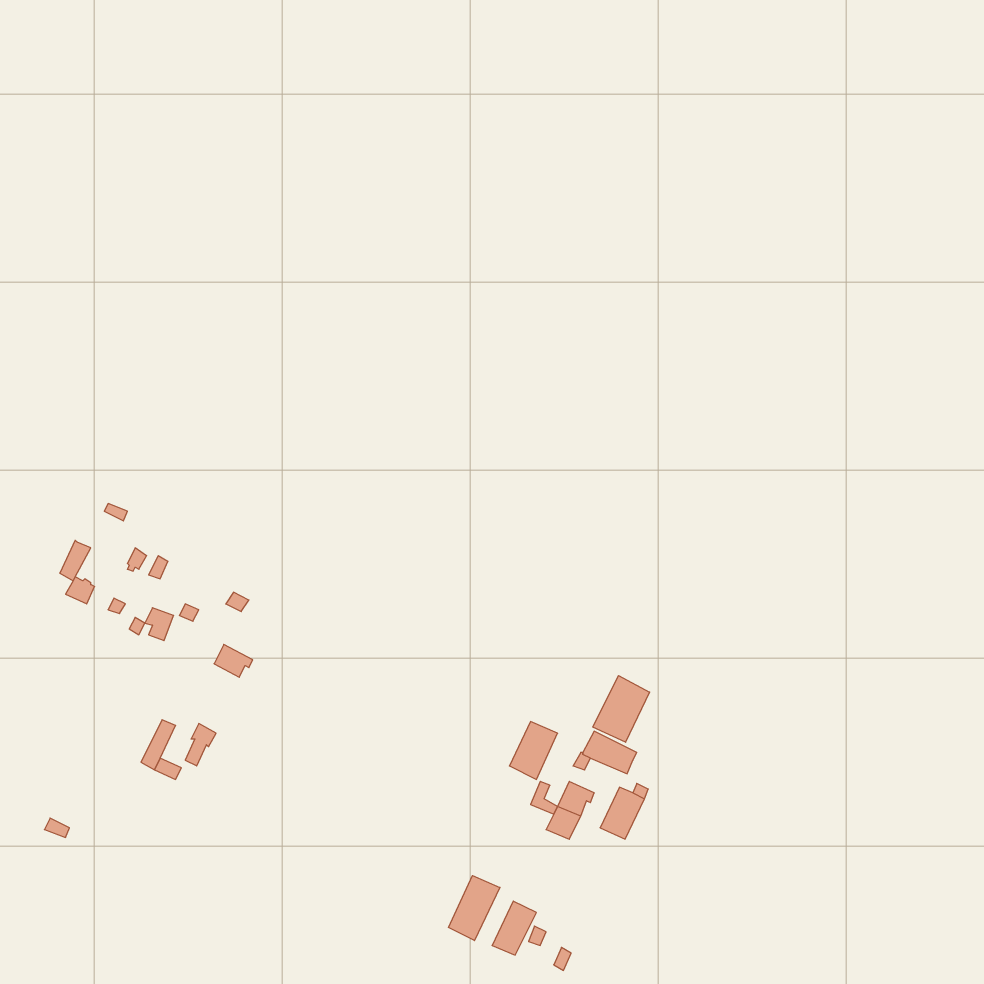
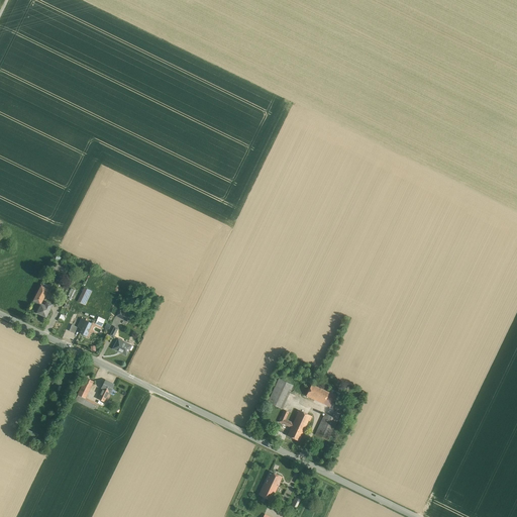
building: [593,676,650,742] -> none
building: [449,876,500,941] -> none

